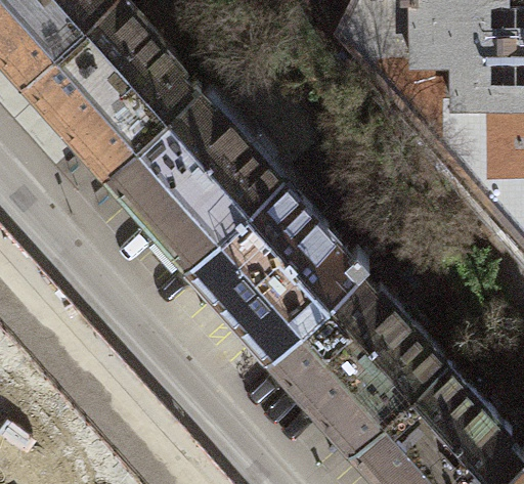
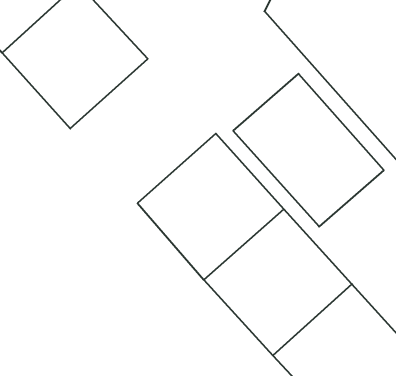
building: [97,82,272,256] -> none
building: none -> [233,74,384,227]

